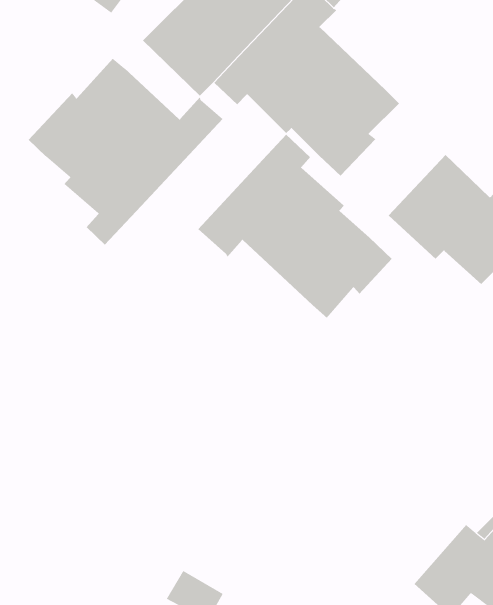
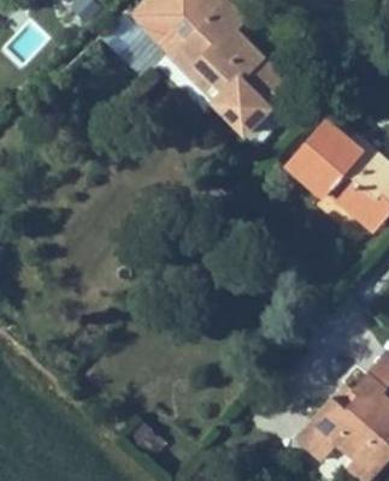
building: [28,58,223,246] -> none
building: [198,134,392,319] -> none

